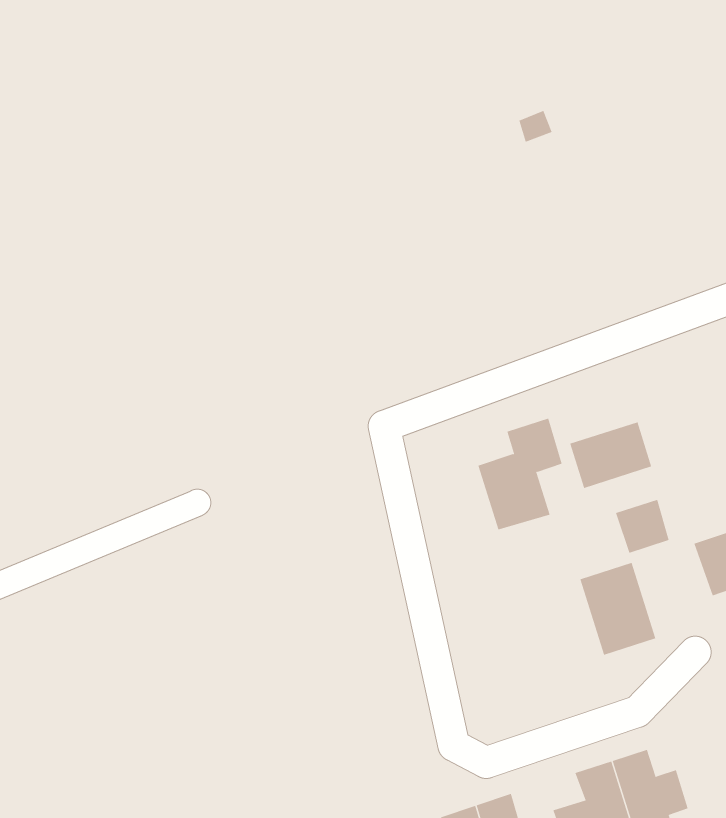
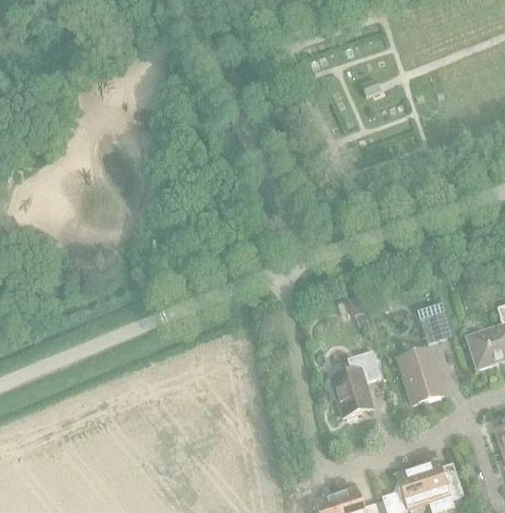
building: [478,418,563,530] -> [329,350,380,417]
building: [570,421,652,489] -> none

